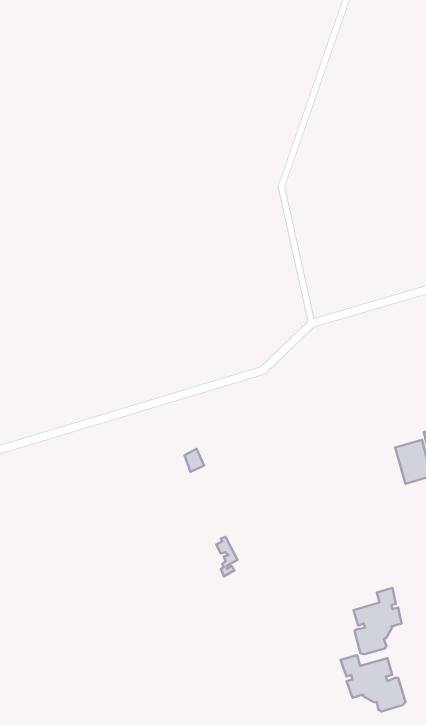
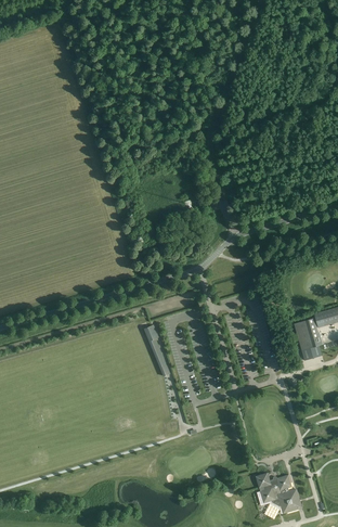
building: [353,588,402,654] -> none

